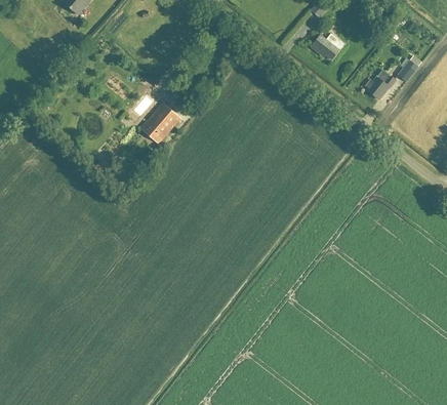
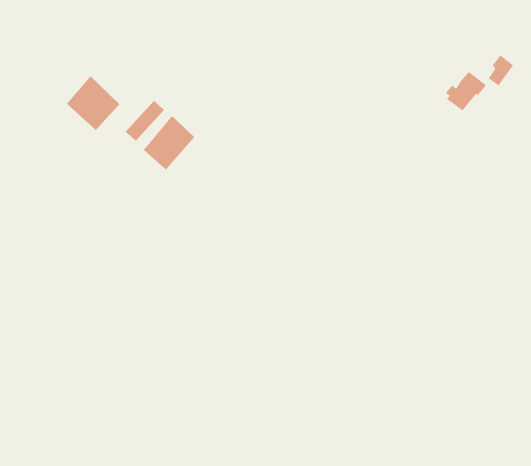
building: [310,34,343,60] -> none
building: none -> [66,75,120,131]

